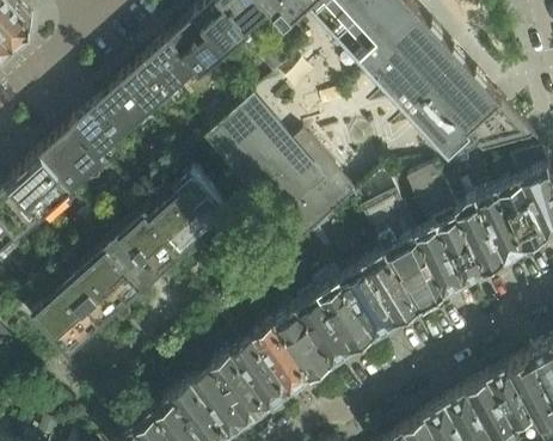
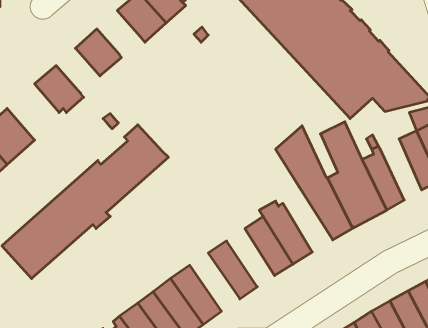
building: [147,36,197,87] -> none
building: [99,80,150,133] -> none
building: [207,94,358,245] -> none
building: [42,122,106,188] -> none
building: [478,186,527,258] -> none
building: [361,243,423,319] -> none
building: [299,292,355,360] -> none
building: [256,320,314,388] -> none

